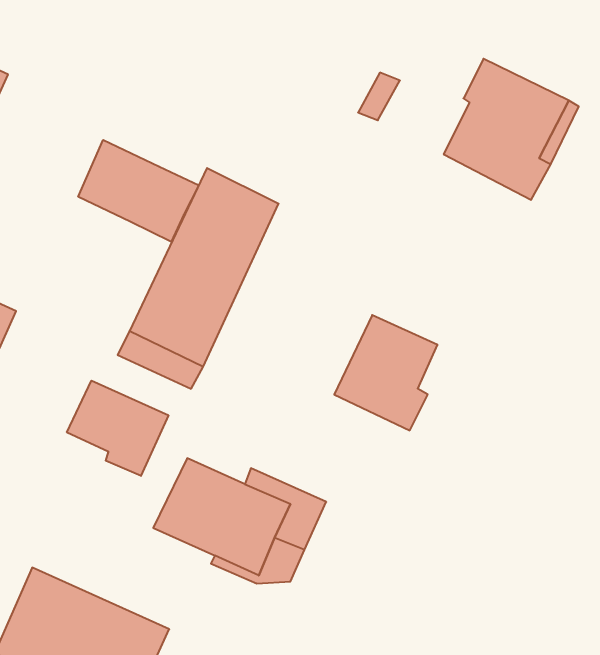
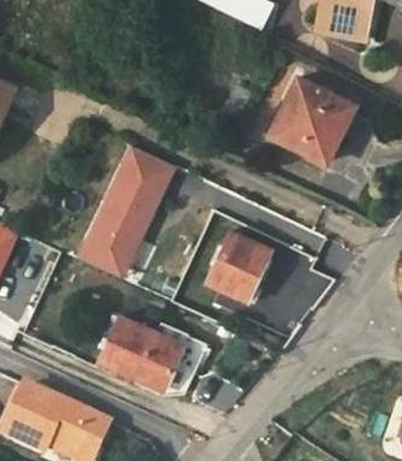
building: [78,140,199,242] -> none
building: [67,381,168,476] -> none

